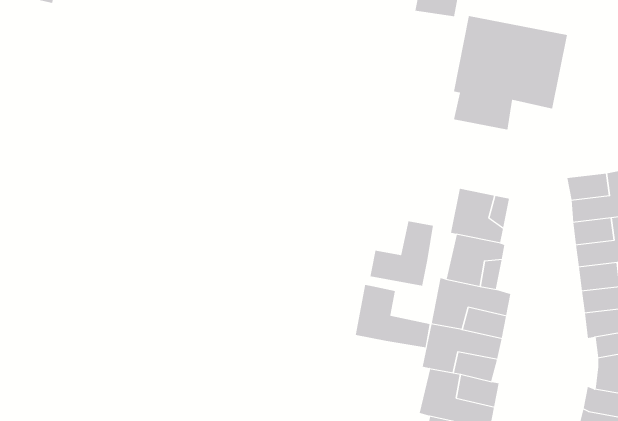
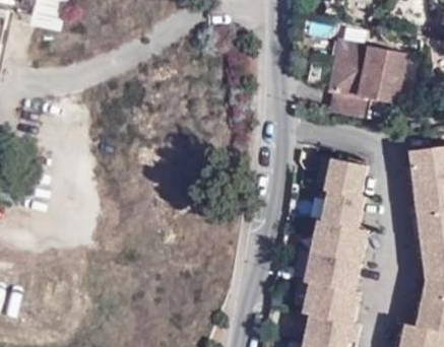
building: [370,220,434,287] -> none
building: [355,284,430,348] -> none

